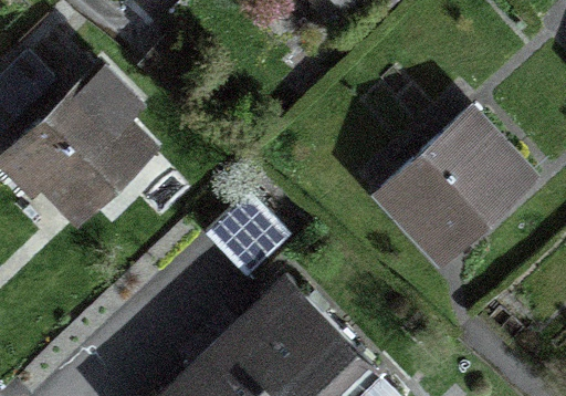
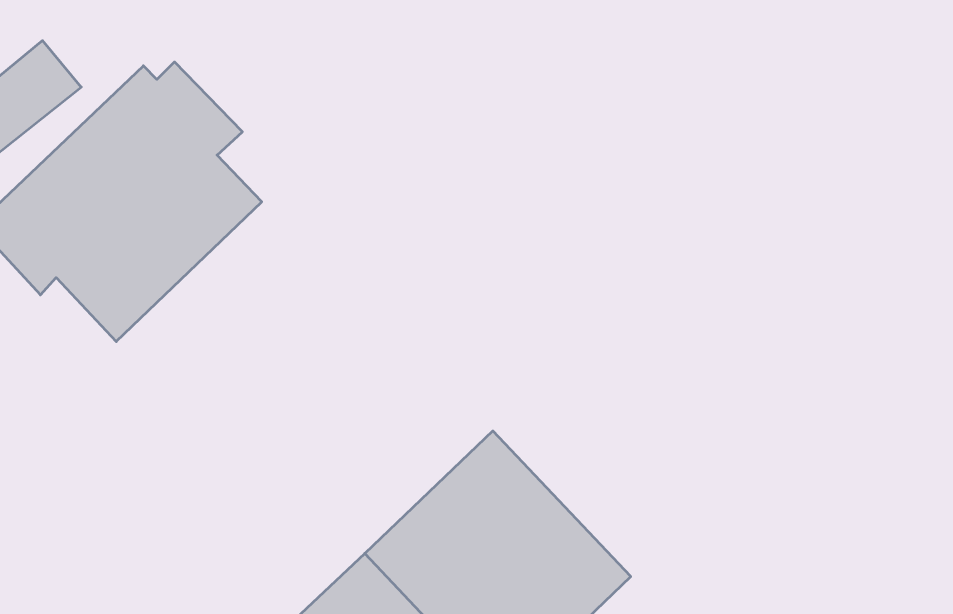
building: [371,107,535,269] -> none

